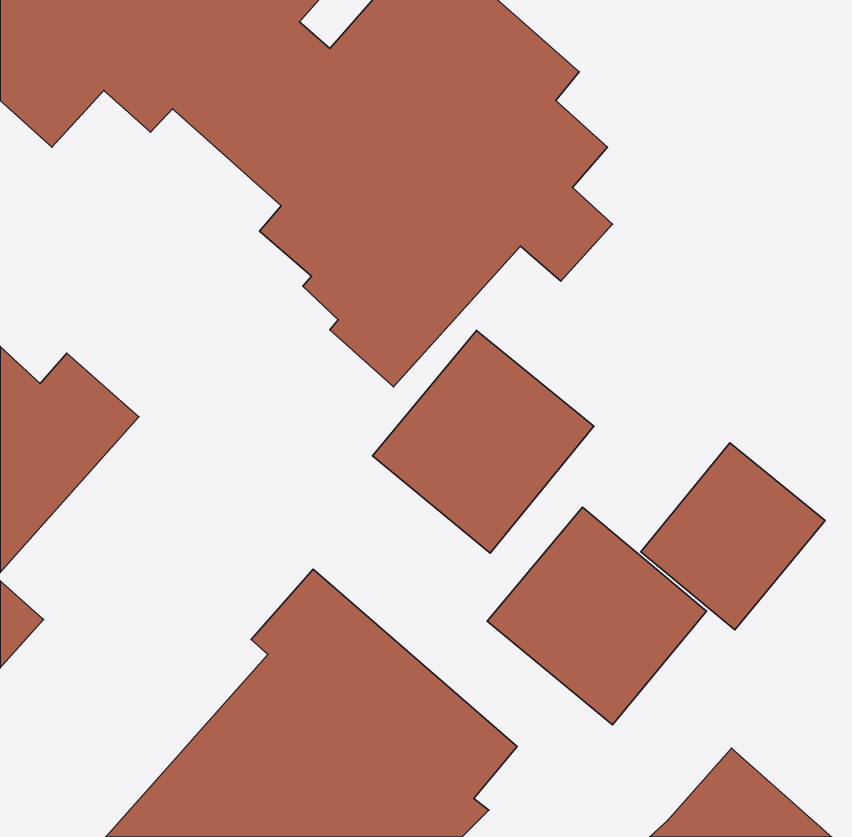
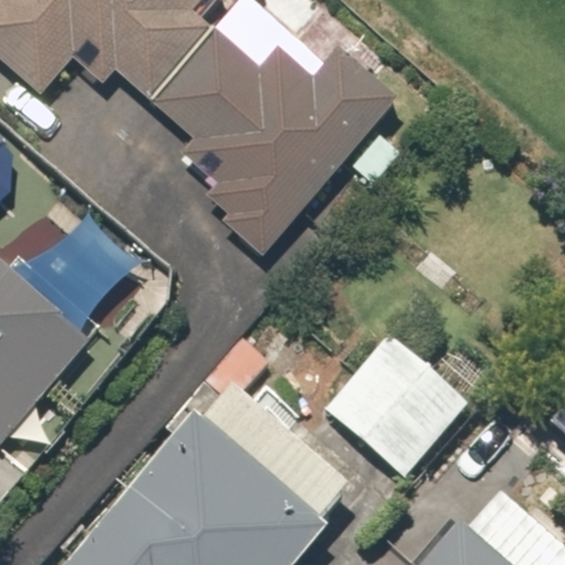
building: [373,331,594,553] -> none
building: [641,443,825,630] -> none

